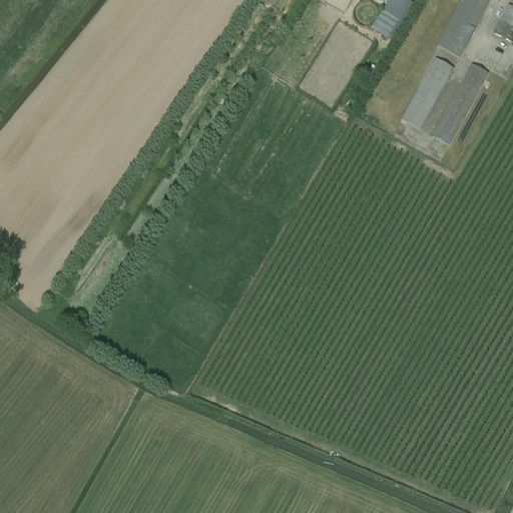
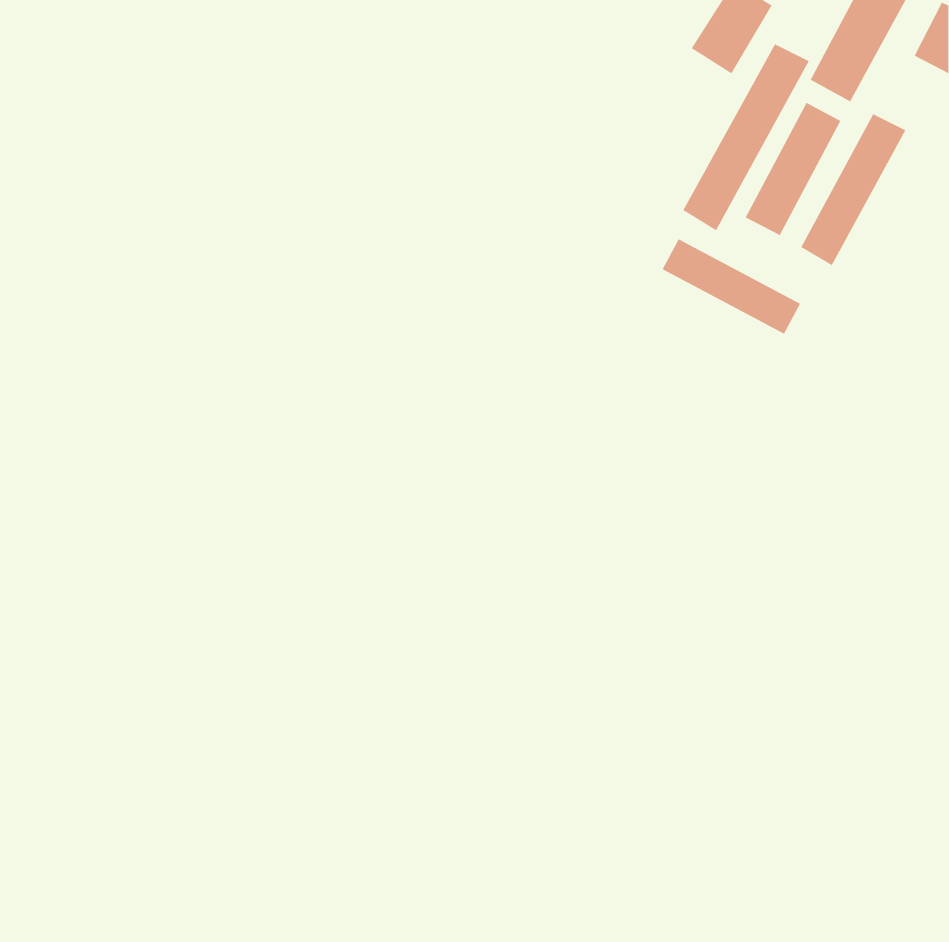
building: none -> [682,43,810,231]
building: none -> [662,238,801,335]

